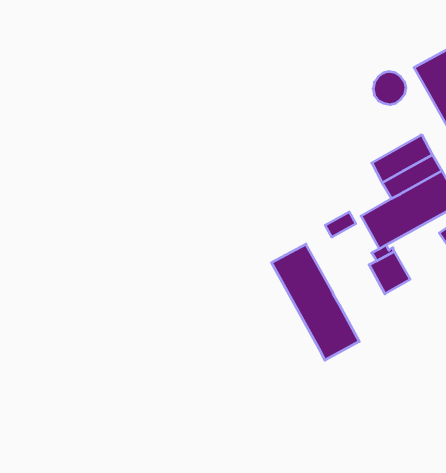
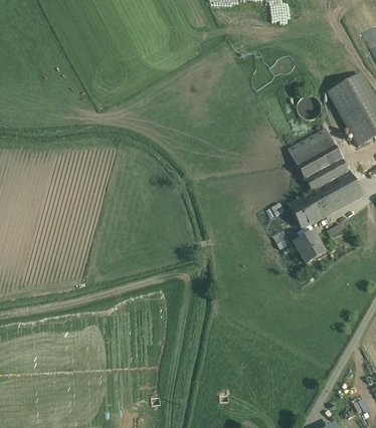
building: none -> [288,128,334,164]
building: [272,244,359,360] -> none

